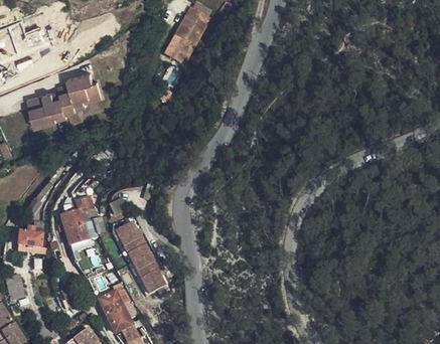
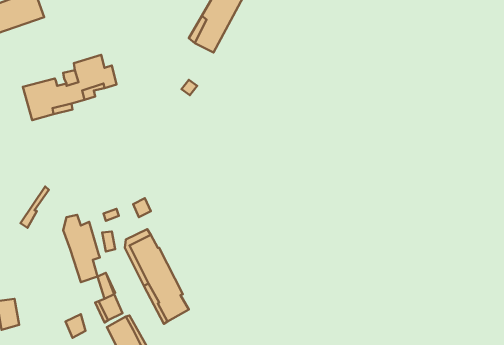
building: [17,225,43,254] -> none

